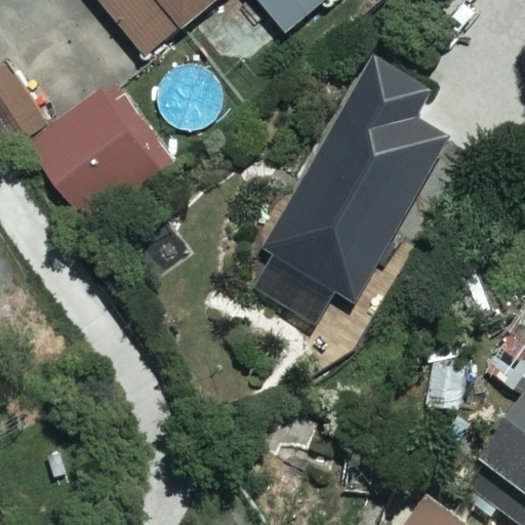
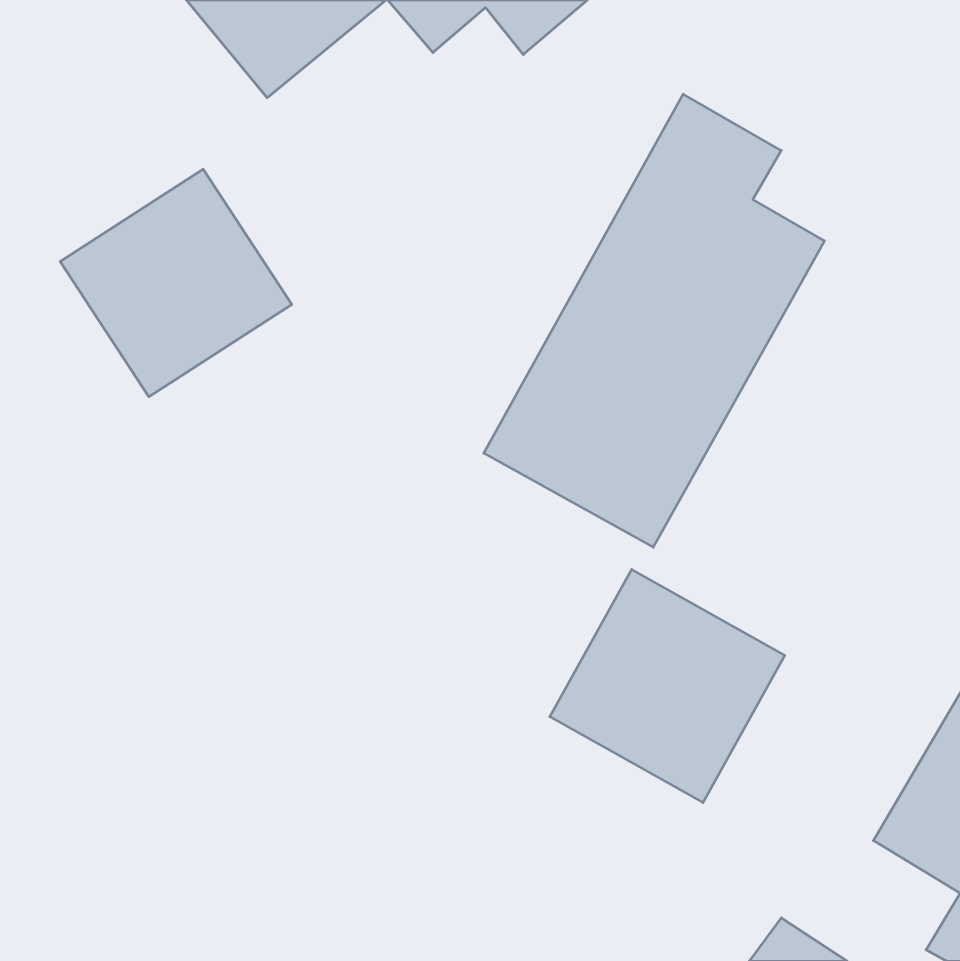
building: none -> [550,569,785,803]

